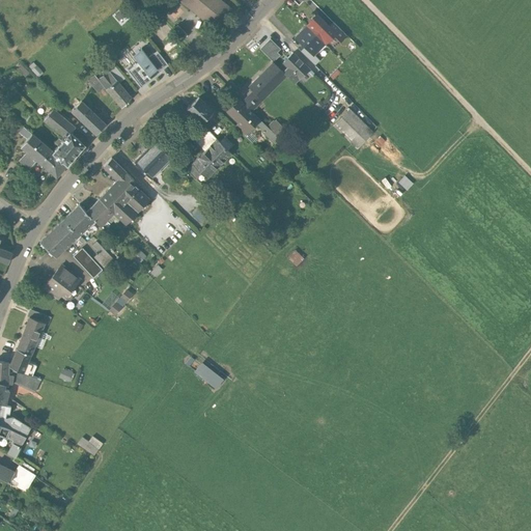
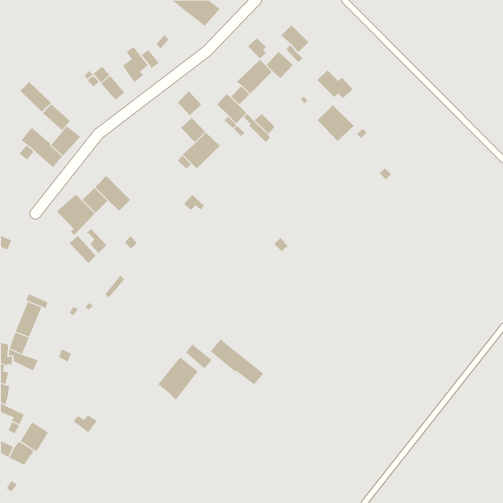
building: [307,15,345,46] -> [317,69,353,99]
building: [72,100,106,133] -> [19,81,52,113]
building: [136,141,173,178] -> none
building: [104,157,149,211] -> none
building: [40,223,75,256] -> none
building: [44,264,80,299] -> none
building: none -> [210,338,264,385]
building: none -> [157,356,198,400]
building: none -> [20,422,49,452]

